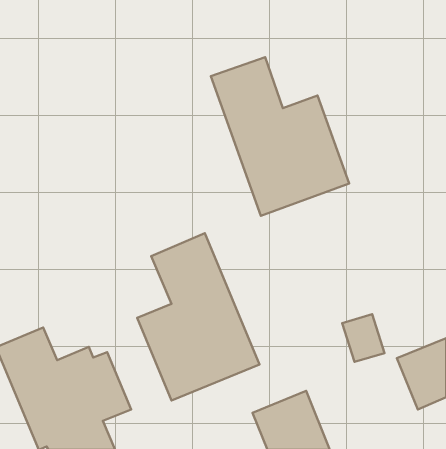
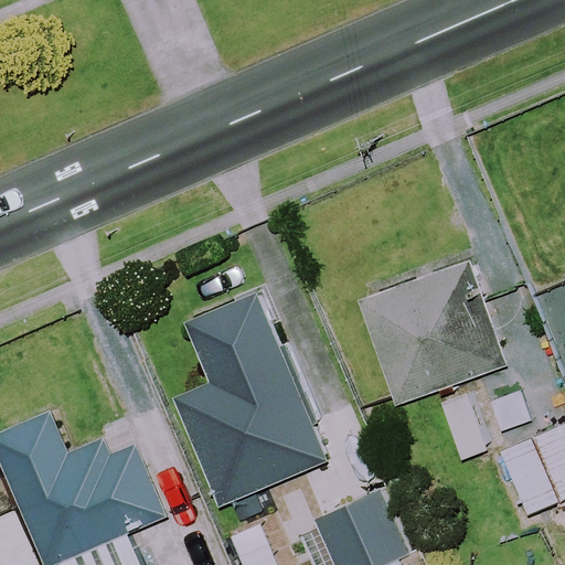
building: [211,57,349,216] -> none
building: none -> [361,266,502,405]

